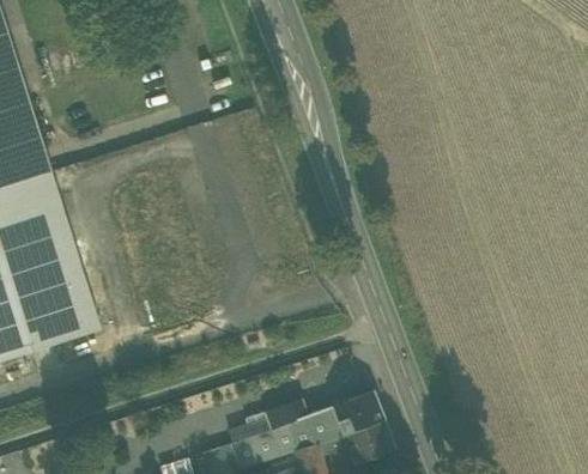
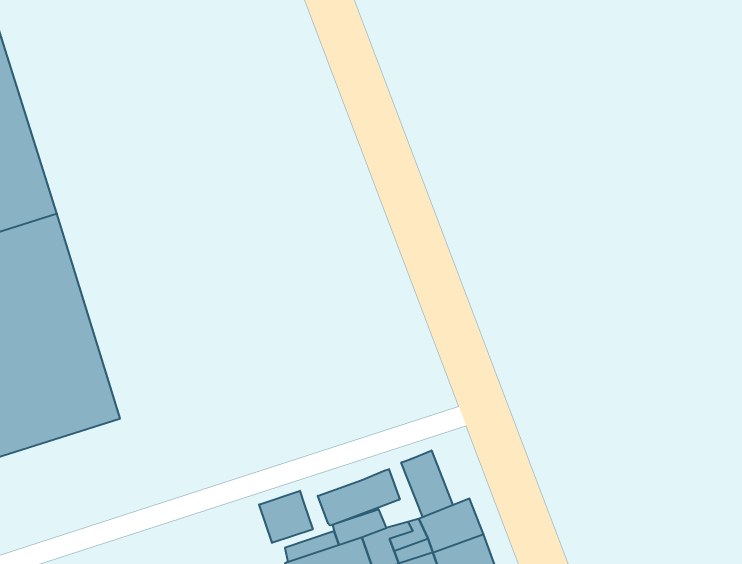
building: none -> [401,450,453,517]
building: none -> [318,469,400,525]
building: none -> [259,491,313,543]

